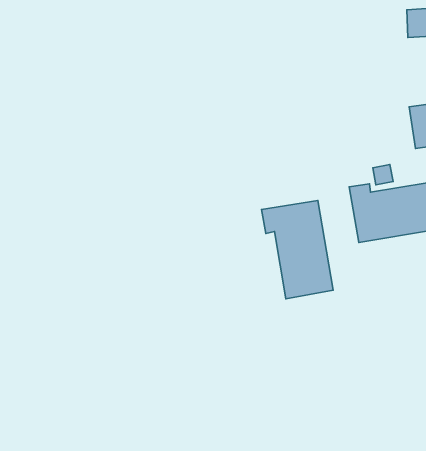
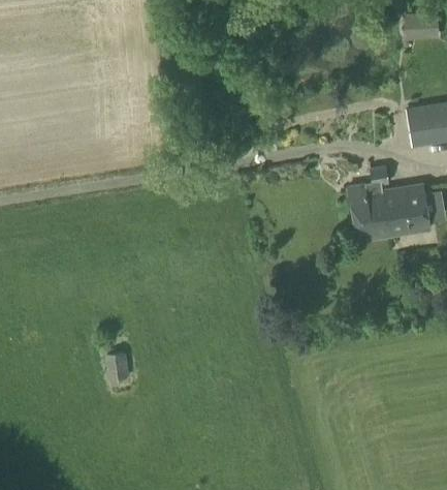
building: [262,200,333,299] -> none
building: none -> [105,353,129,382]

